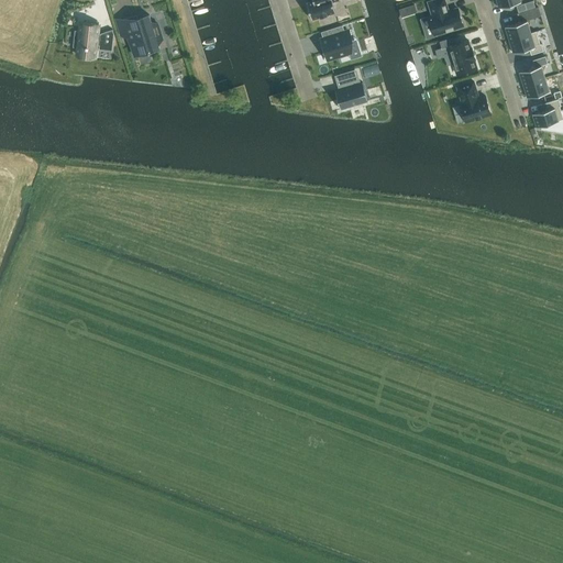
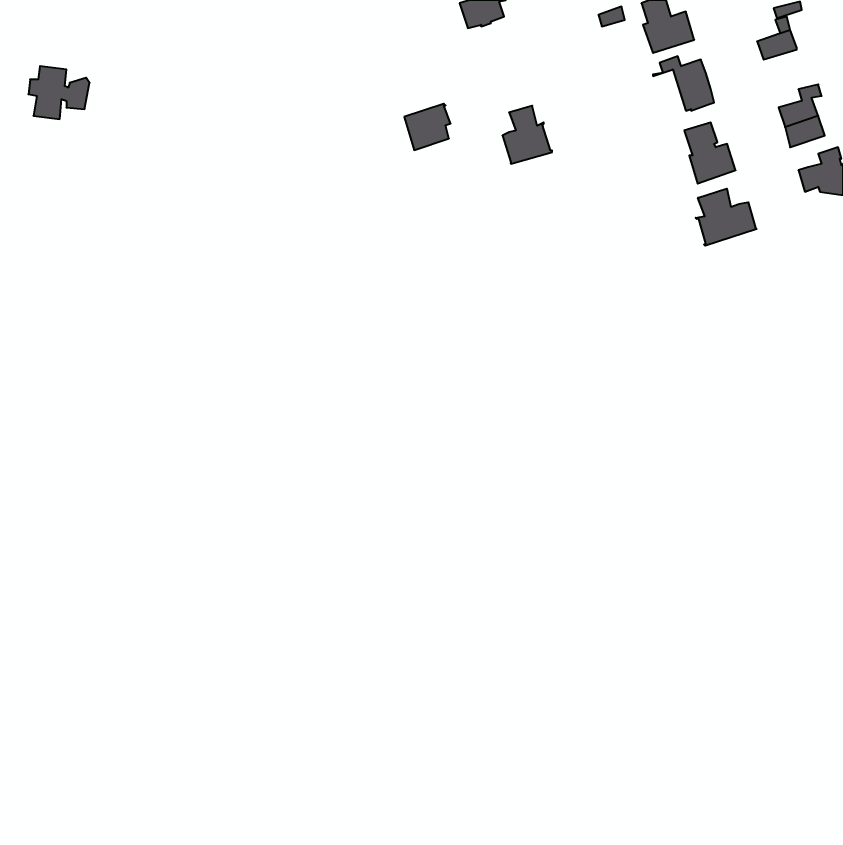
building: [118,14,162,55] -> none
building: [73,22,113,57] -> [28,66,90,119]
building: [320,30,351,60] -> [404,104,451,150]
building: [508,31,542,55] -> none
building: none -> [696,189,757,246]

